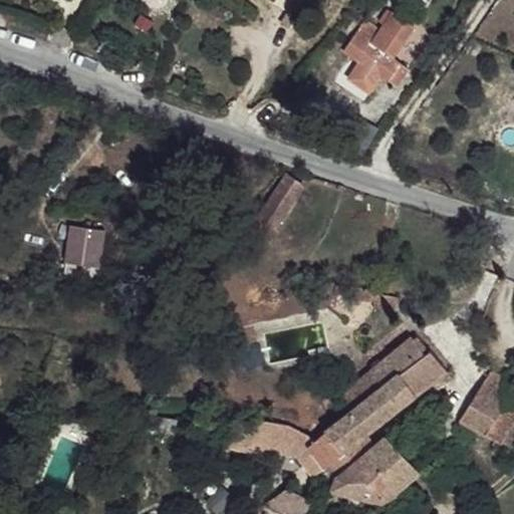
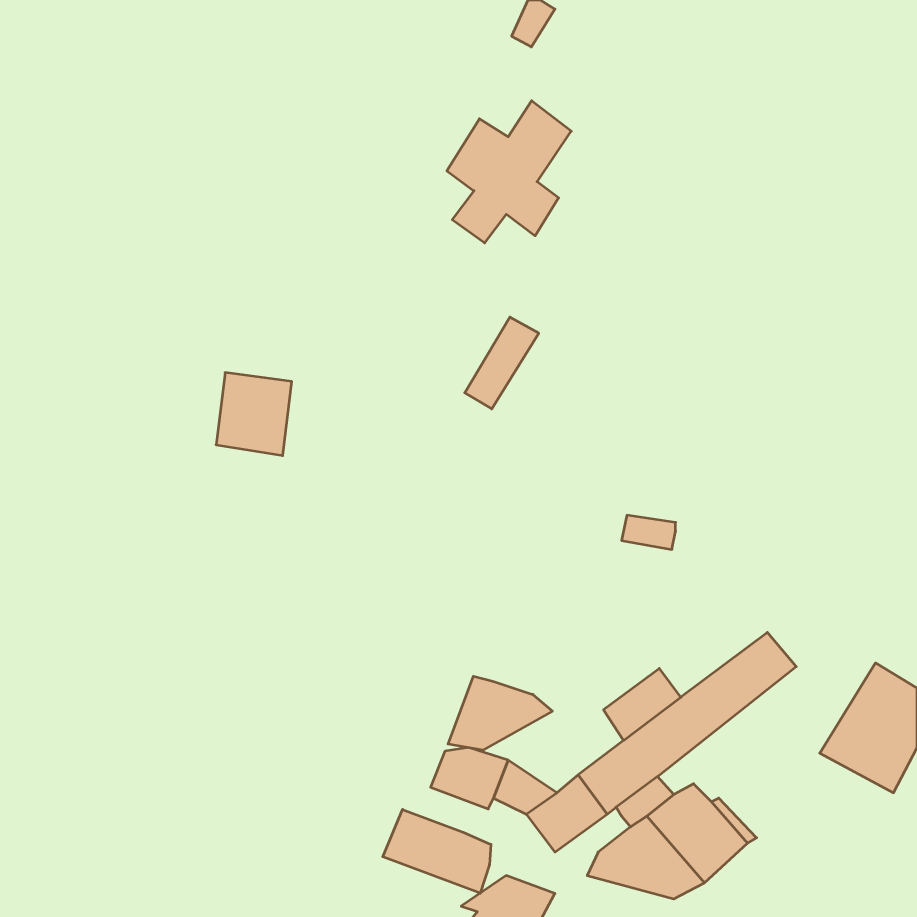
building: [348,12,418,91] -> [447,101,571,243]
building: [61,227,103,273] -> [216,373,292,456]
building: [367,340,428,391] -> none
building: none -> [448,676,552,750]
building: none -> [383,809,491,893]

